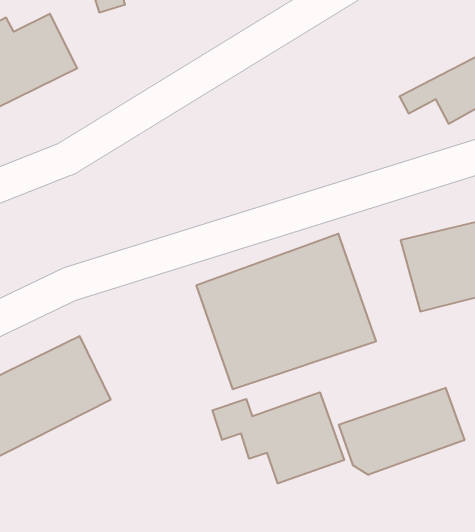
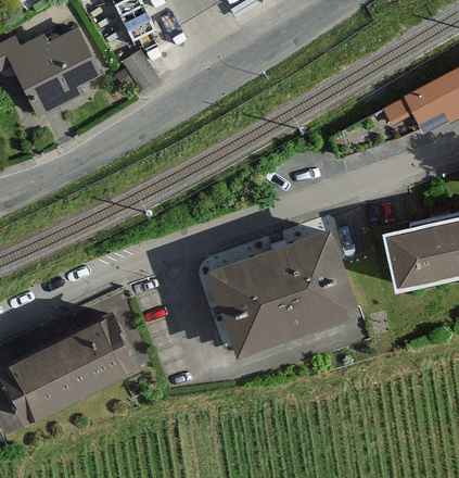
building: [339,388,464,475] -> none
building: [212,392,344,483] -> none

